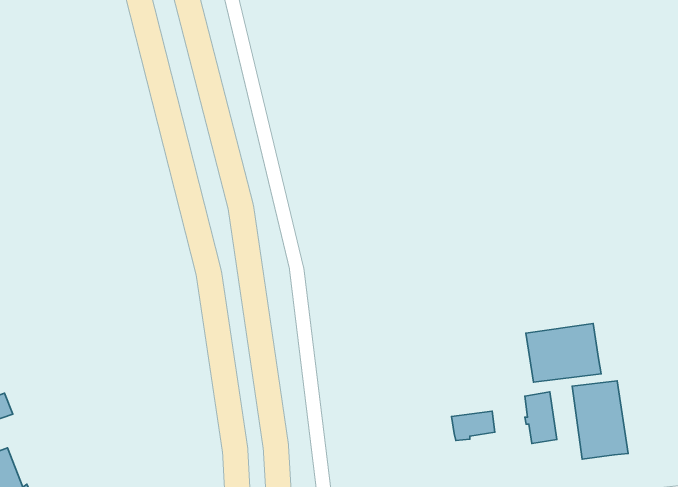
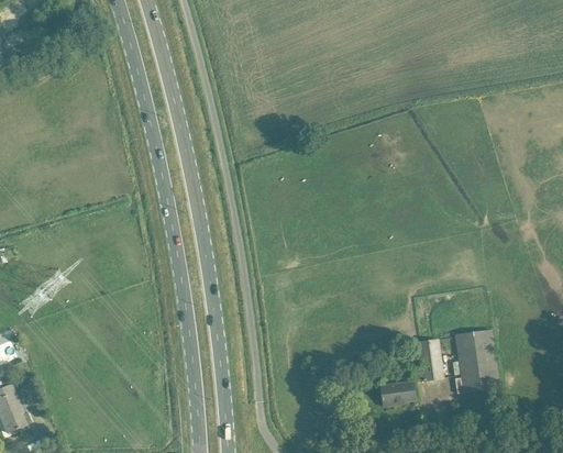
building: [526,323,601,382] -> none
building: [451,411,495,440] -> [379,383,413,406]

